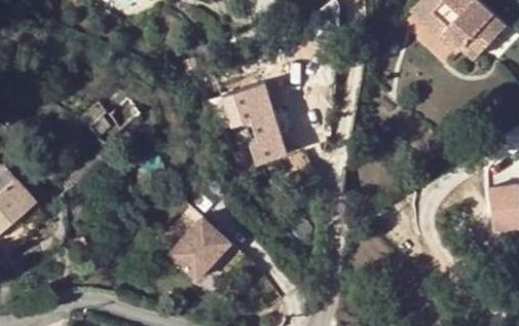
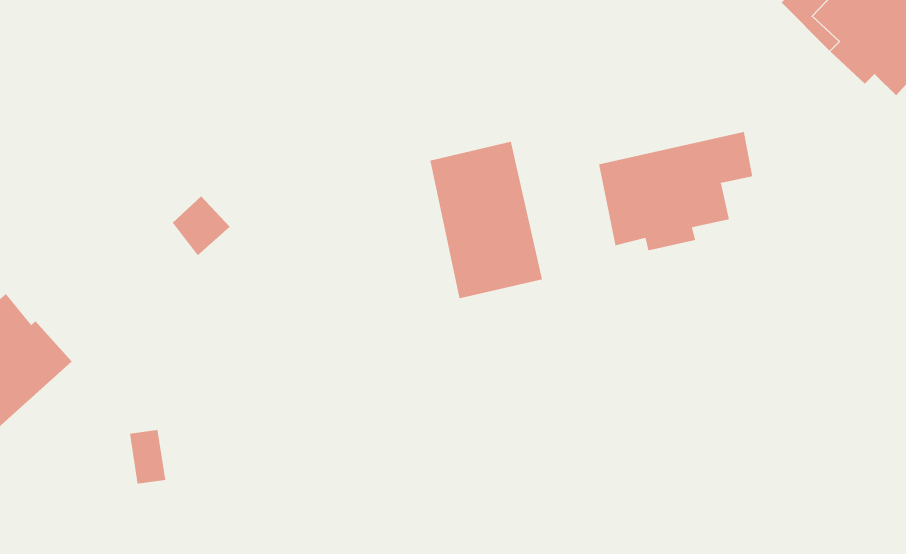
building: none -> [598,131,753,251]
building: [168,217,229,280] -> none

